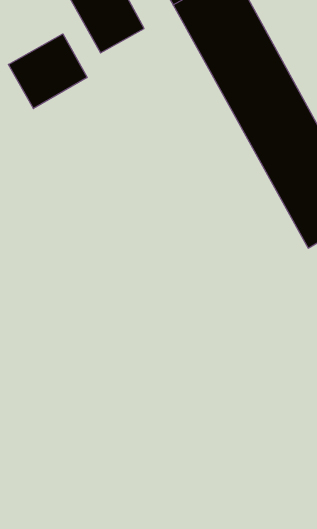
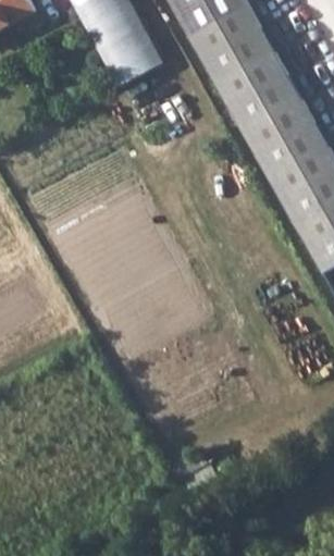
building: [8,34,87,109] -> none

